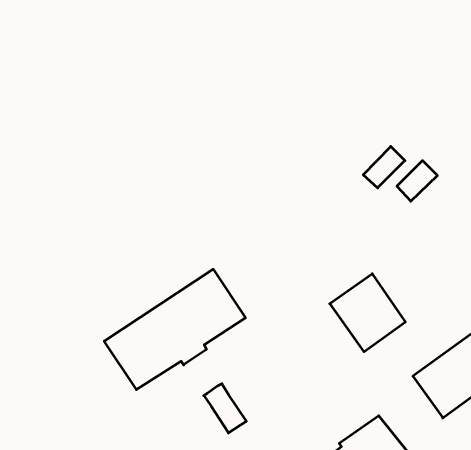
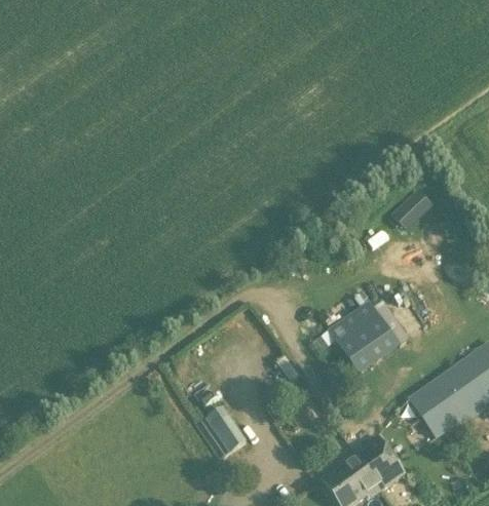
building: [363,146,405,188] -> none
building: [104,269,245,390] -> none

